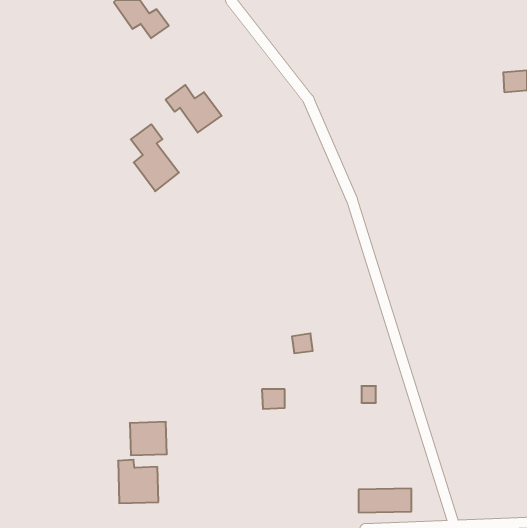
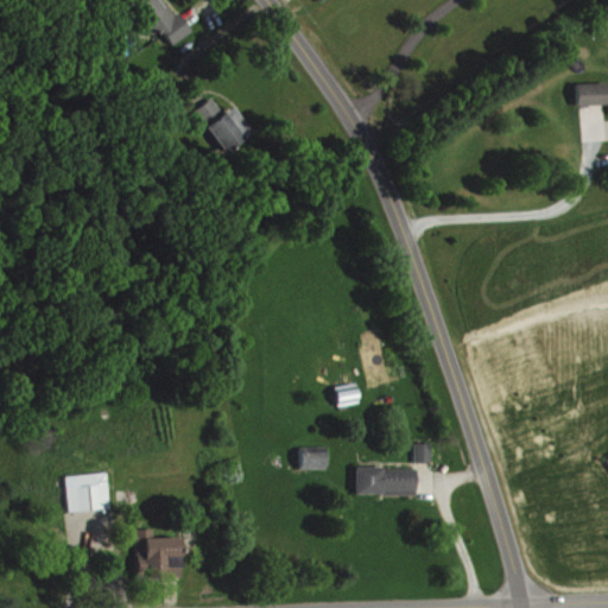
building: [131,124,179,191] -> none
building: [130,422,167,455] -> [66,474,109,512]
building: [359,489,411,512] -> [356,468,417,495]

